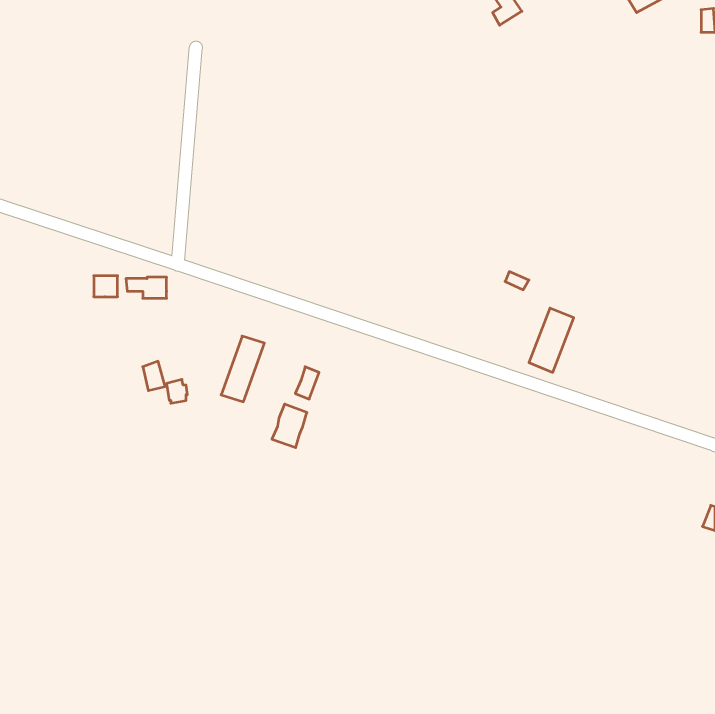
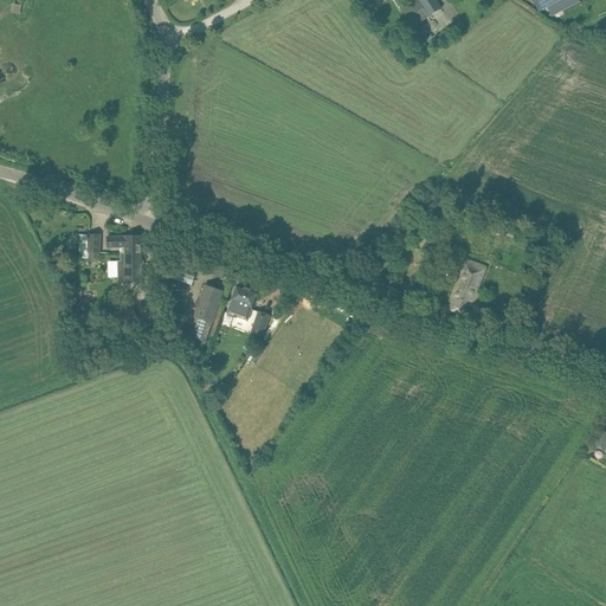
building: none -> [117,252,142,281]
building: [272,404,307,448] -> [227,283,257,320]

